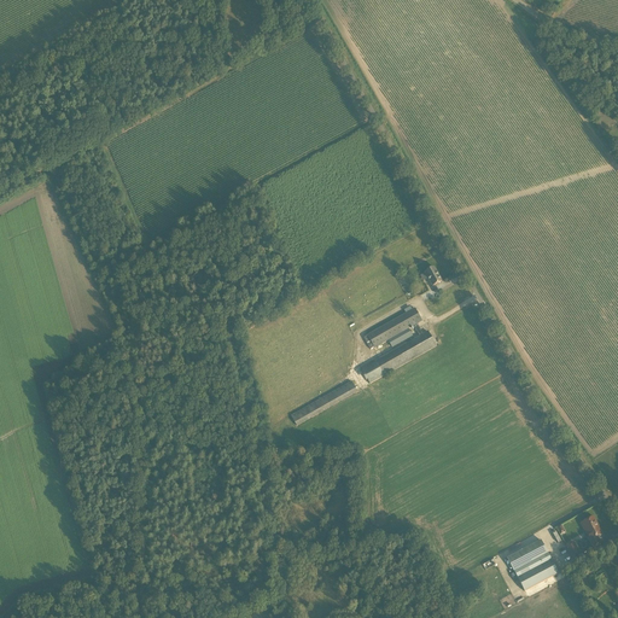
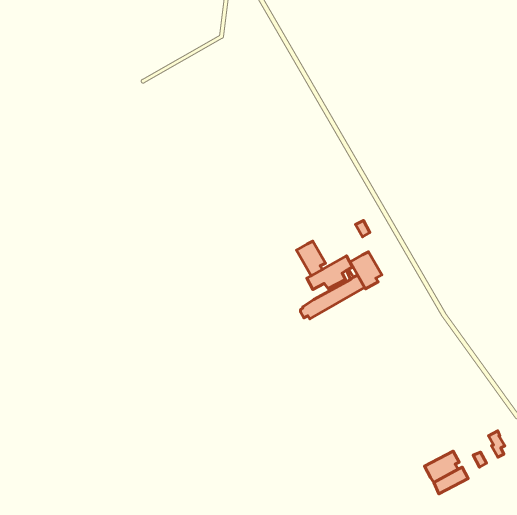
building: none -> [297,241,325,276]
building: none -> [350,252,382,289]

